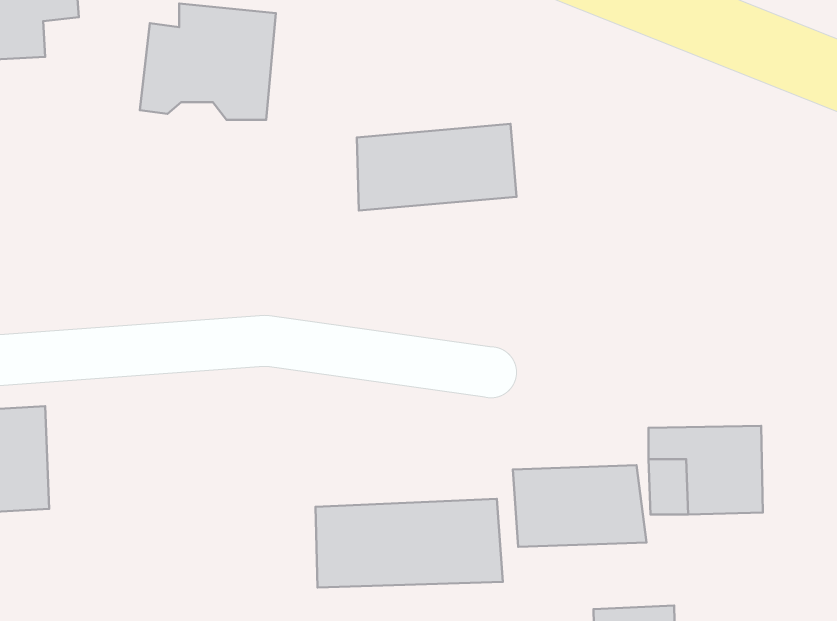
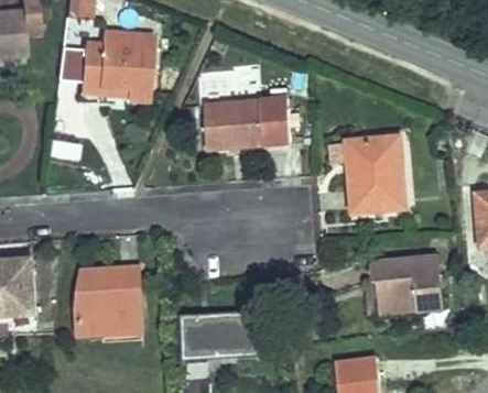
building: none -> [341,139,402,212]
building: none -> [72,264,141,338]
building: [513,465,647,547] -> none

